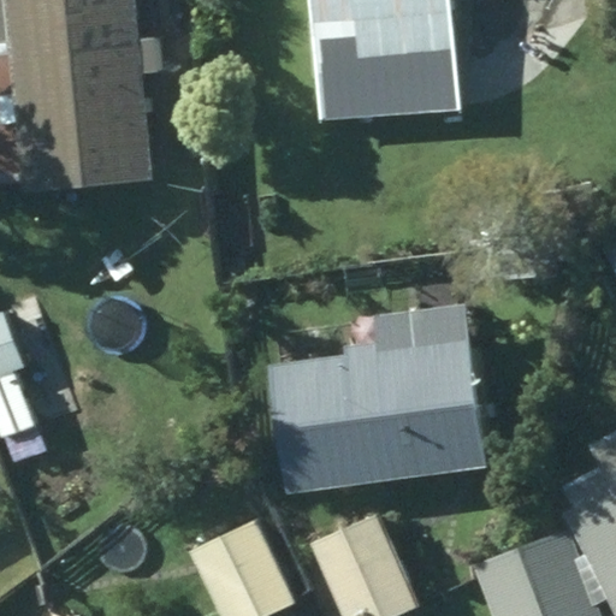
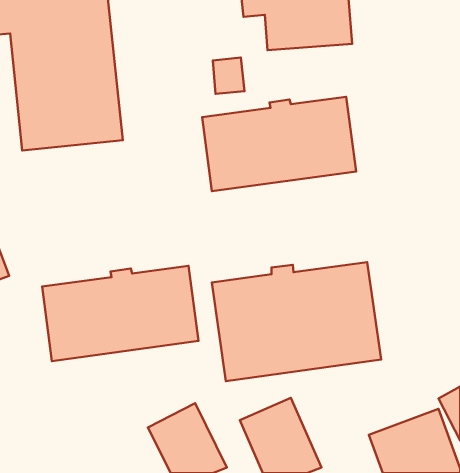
building: none -> [202,97,356,191]
building: none -> [42,266,199,361]

